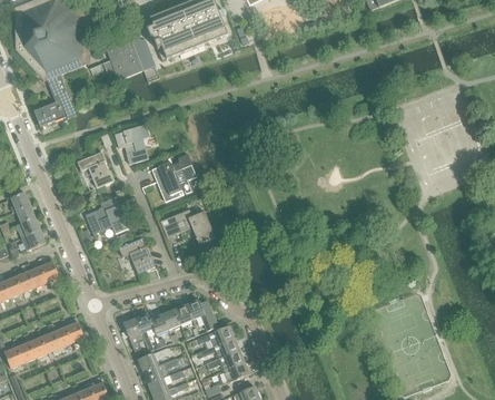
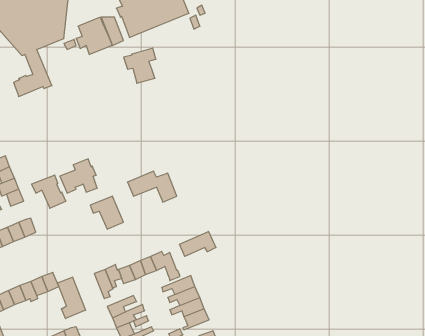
building: [115,124,150,163] -> [124,48,156,83]
building: [77,150,115,187] -> [32,175,66,208]
building: [151,153,197,201] -> none
building: none -> [180,231,216,256]
building: none -> [58,277,86,319]

